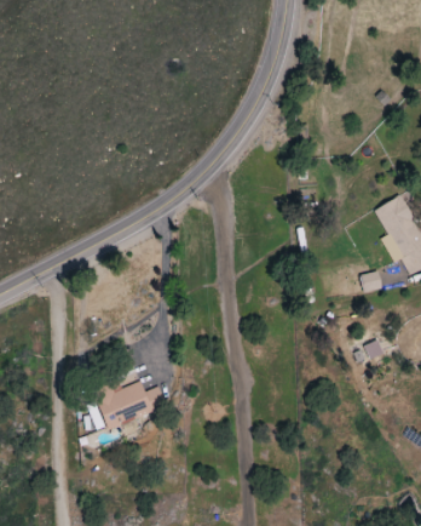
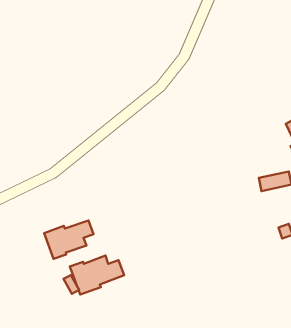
building: none -> [44,220,93,259]

